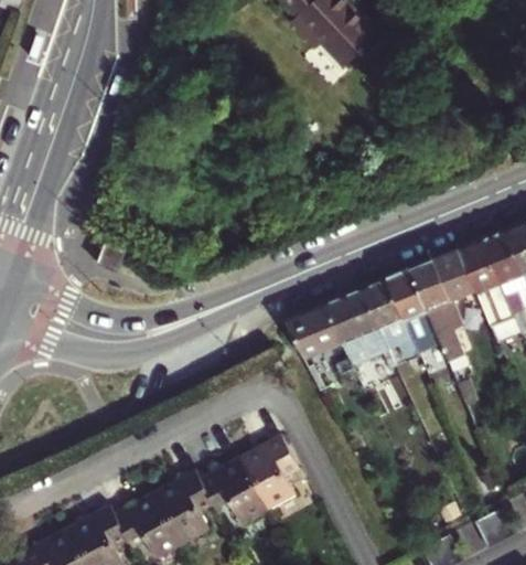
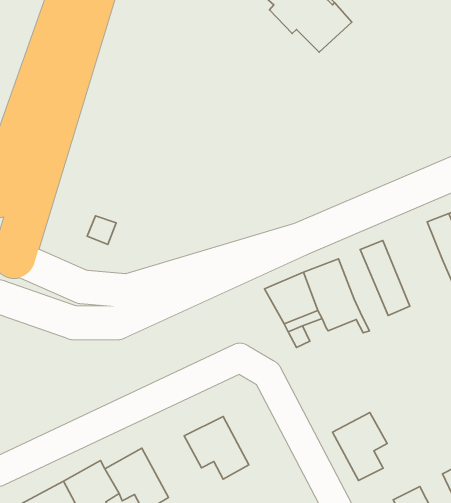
building: [411,249,475,362] -> none
building: [364,279,420,363] -> none
building: [240,437,299,510] -> [333,413,387,481]
building: [153,471,213,545] -> none

